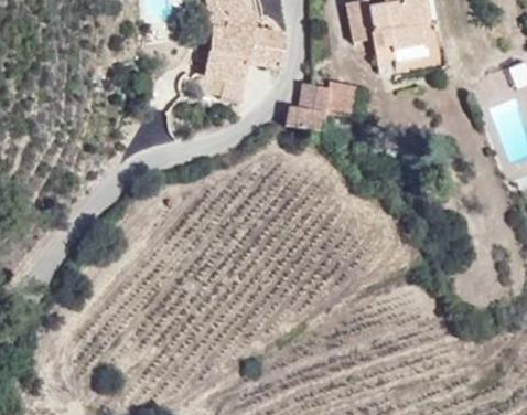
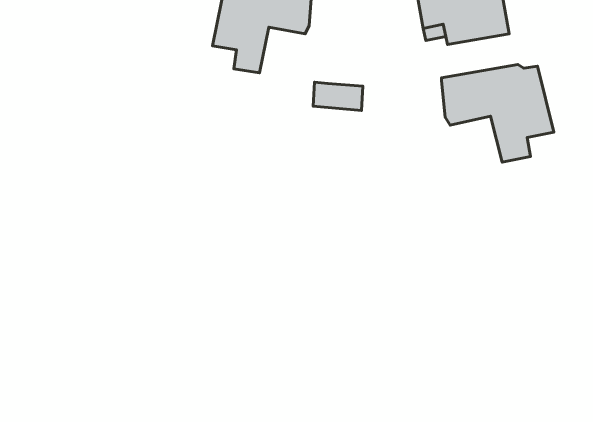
building: [297,74,355,114] -> none
building: none -> [441,64,554,162]

